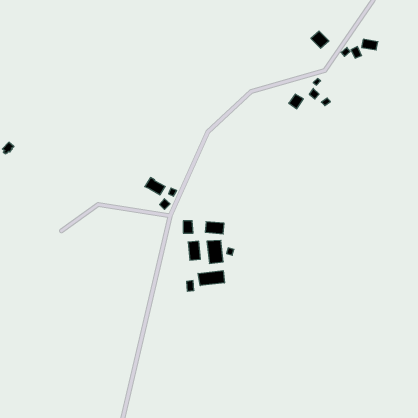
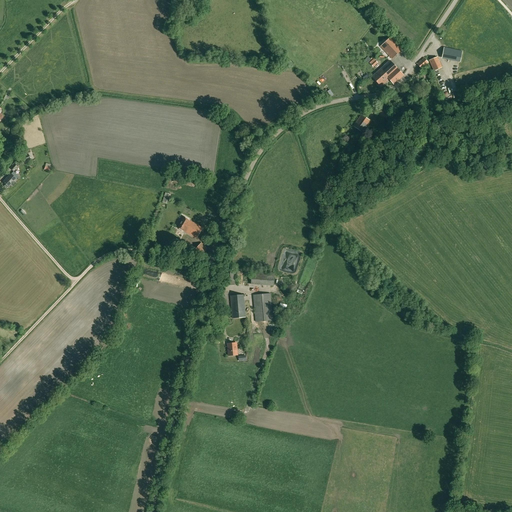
building: none -> [372,61,403,86]
building: [198,271,224,286] -> none

